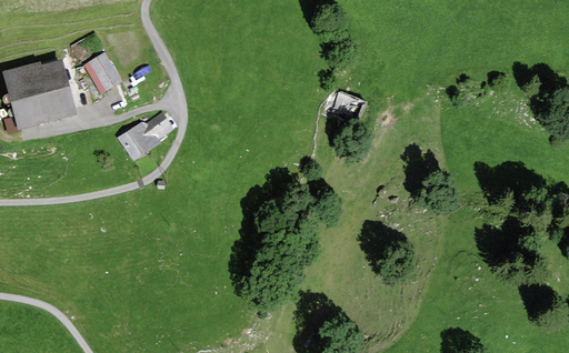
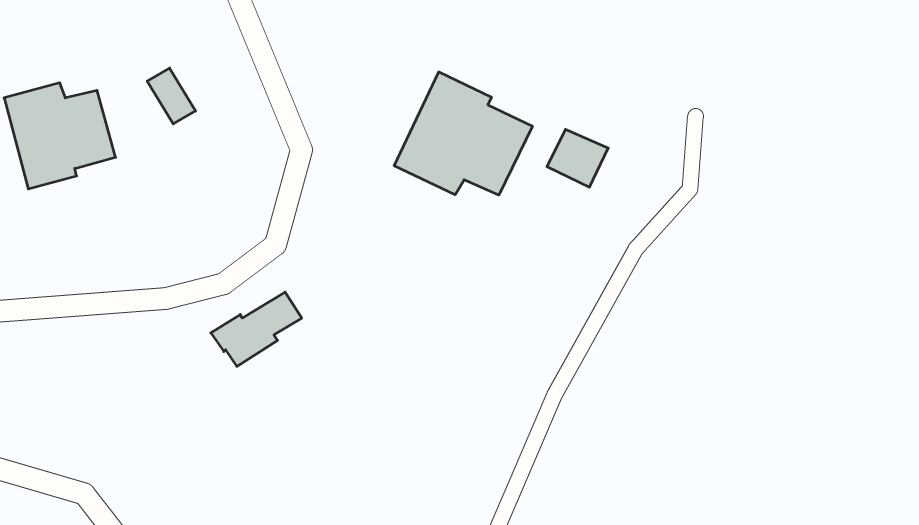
building: none -> [394,72,532,195]
building: [118,113,172,158] -> [211,292,302,366]

